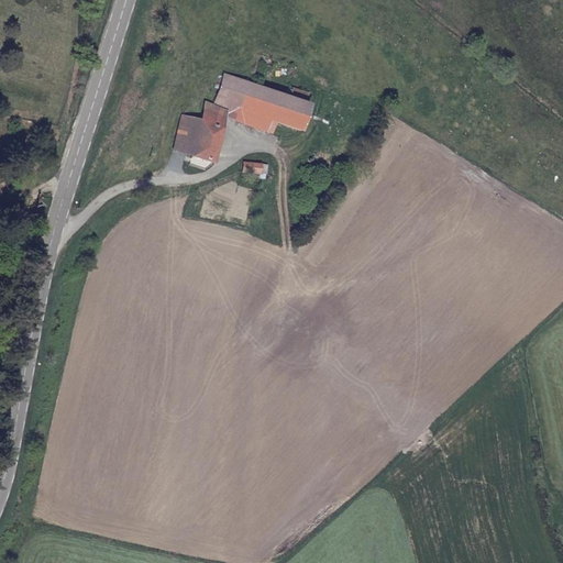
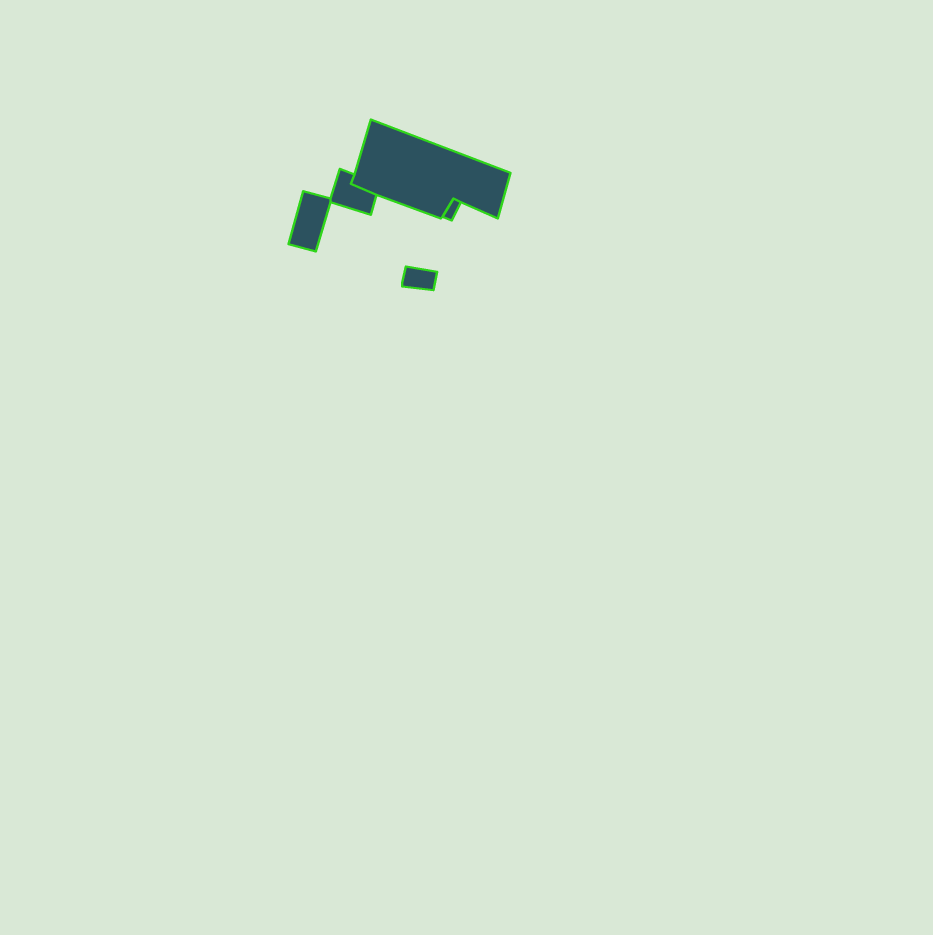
building: [190,121,225,165] -> none

